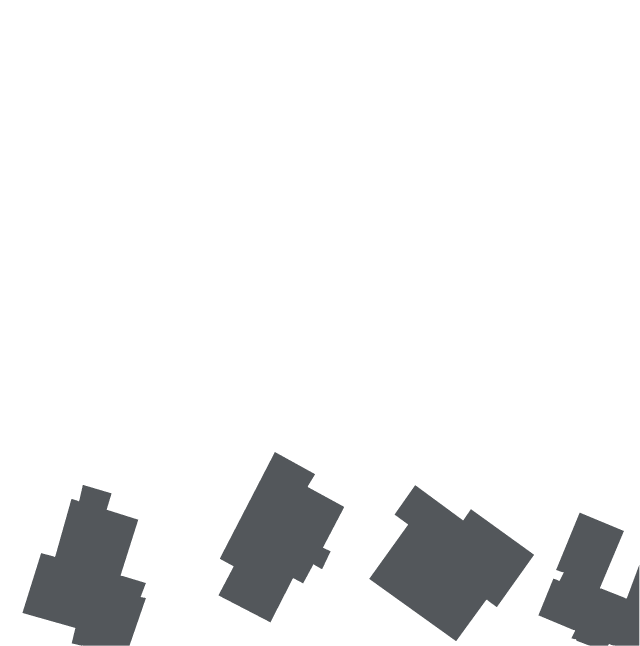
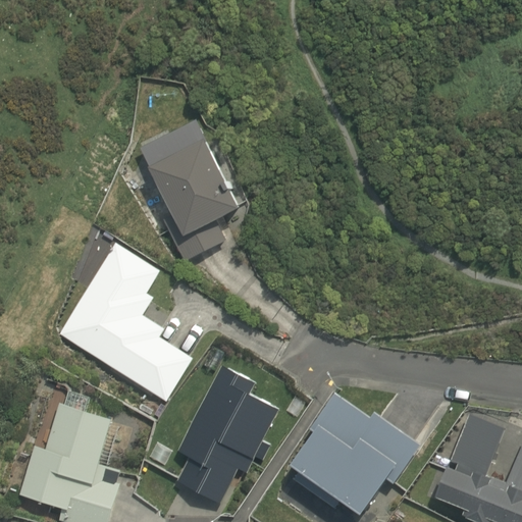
building: none -> [149,140,239,260]
building: none -> [56,243,191,401]

